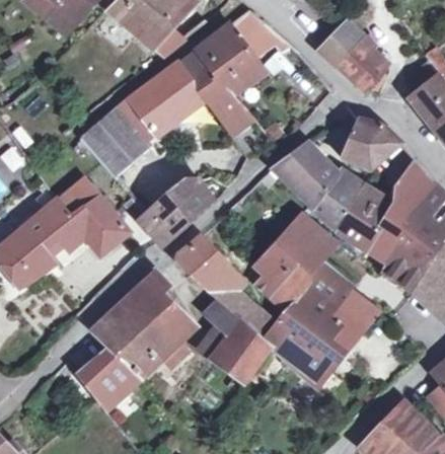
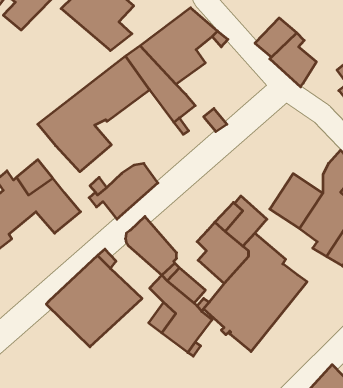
building: [342,119,398,167] -> none
building: [274,146,361,228] -> none
building: [78,348,140,408] -> none

